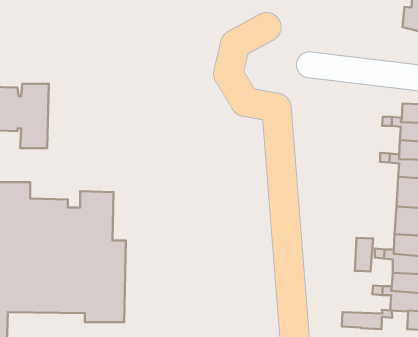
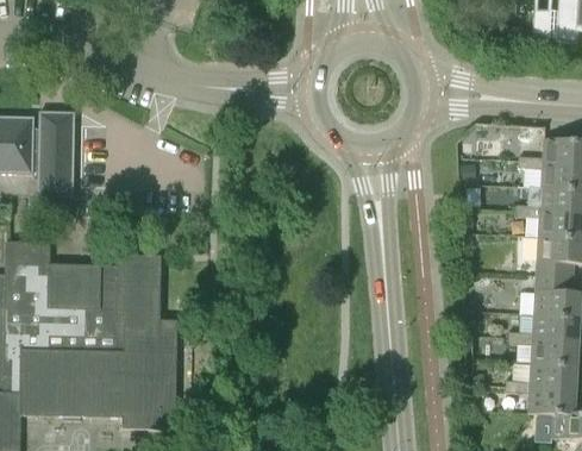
building: [355,238,373,272] -> none
building: [342,310,392,329] -> none

